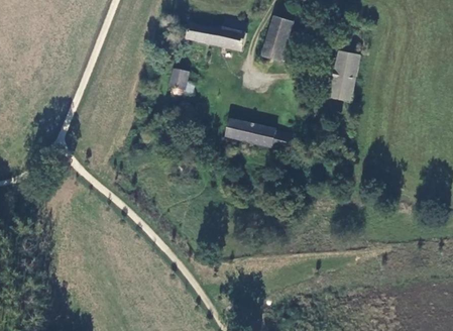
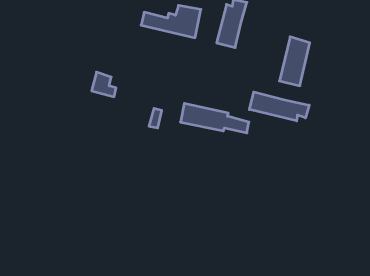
building: [167,67,193,92] -> [92,72,116,97]
building: none -> [249,92,309,121]

